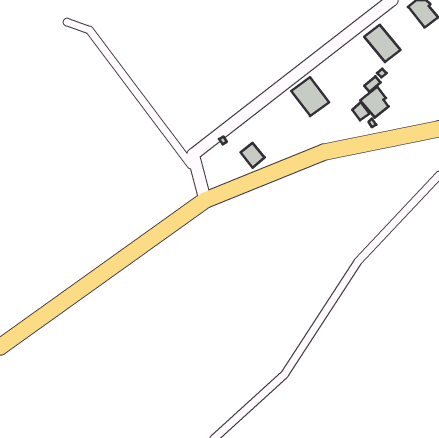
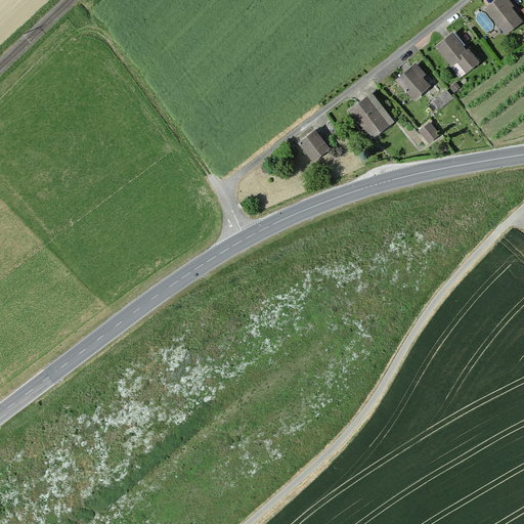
building: [360,87,389,118] -> [396,63,430,100]
building: [241,143,265,168] -> [300,129,329,159]

